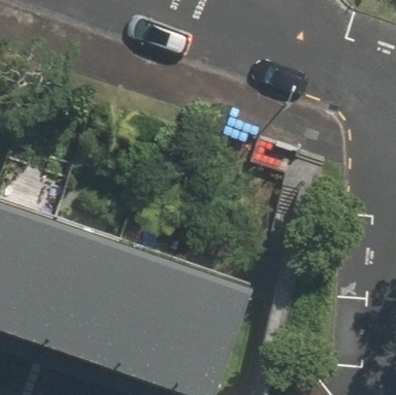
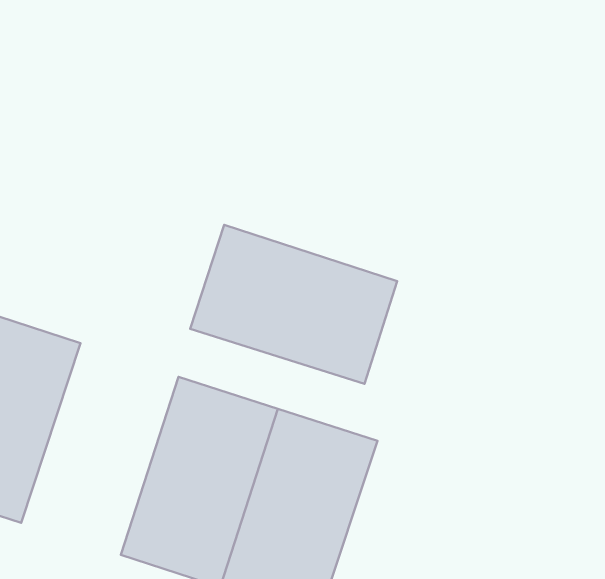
building: none -> [190,225,397,384]
building: [18,223,119,359] -> none

